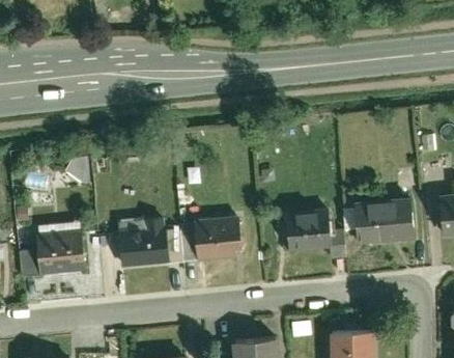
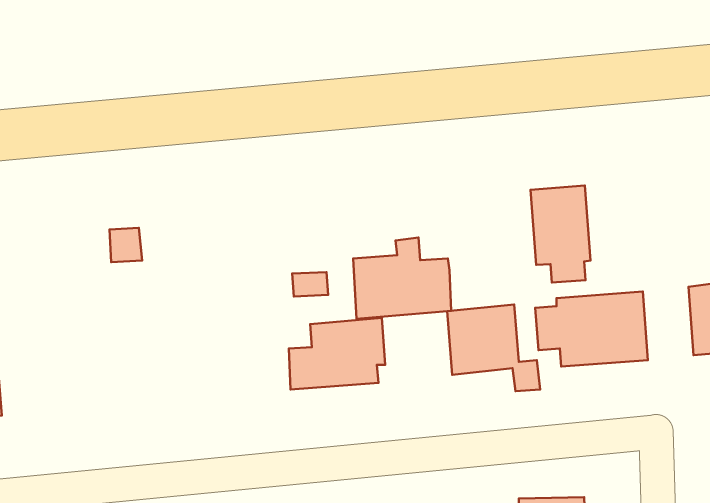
building: none -> [530,185,591,283]
building: [123,213,186,265] -> [353,237,451,319]
building: [19,228,85,278] -> none

